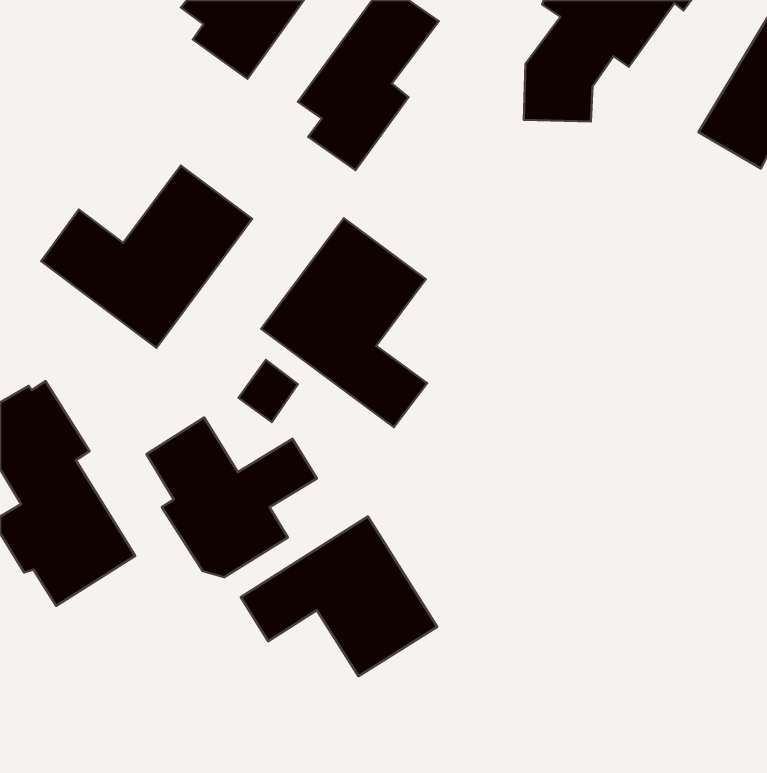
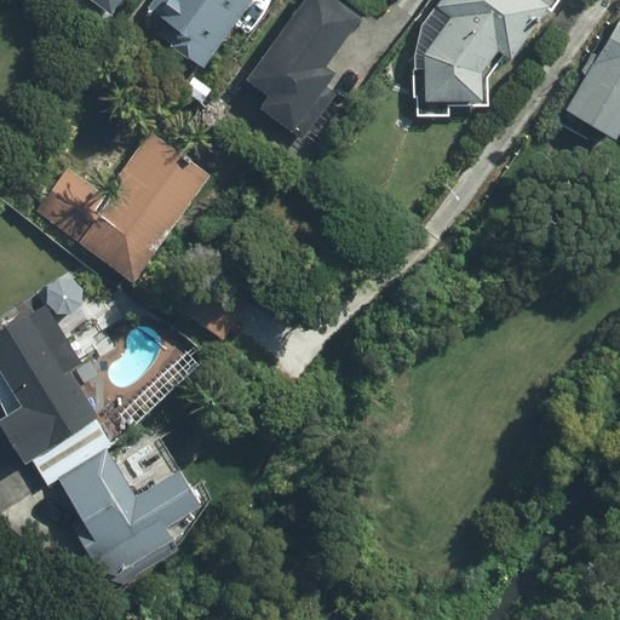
building: [261,218,427,427] -> none
building: [147,418,317,577] -> [62,453,197,580]
building: [241,516,437,676] -> none

